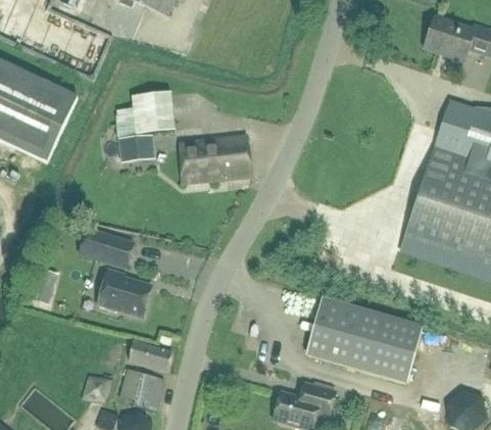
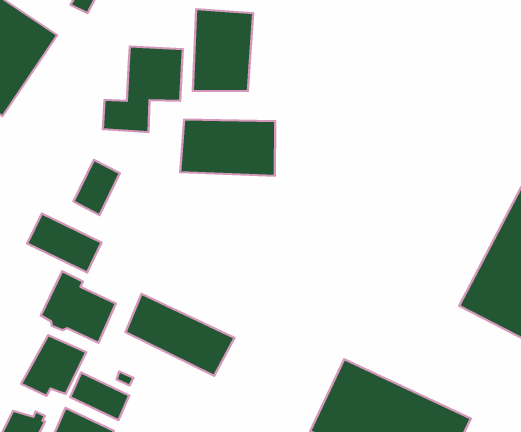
building: none -> [193,9,253,91]
building: none -> [73,160,120,215]
building: none -> [126,294,235,376]
building: none -> [21,335,86,396]

